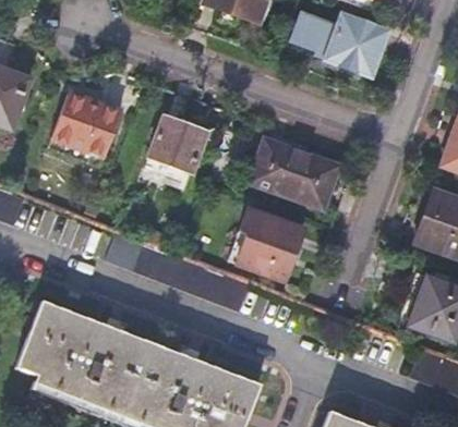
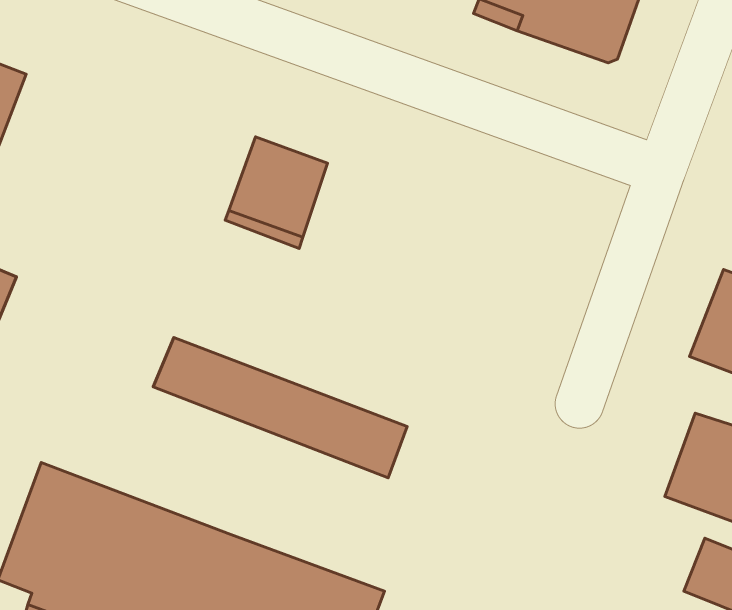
building: [50,93,121,164] -> none
building: [242,141,337,206] -> none
building: [238,209,304,279] -> none

